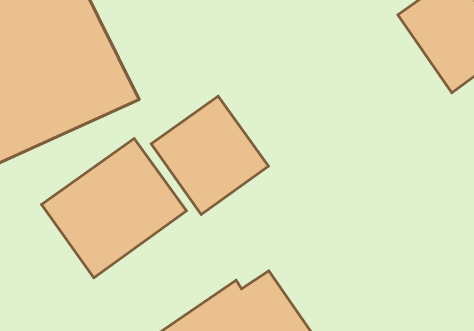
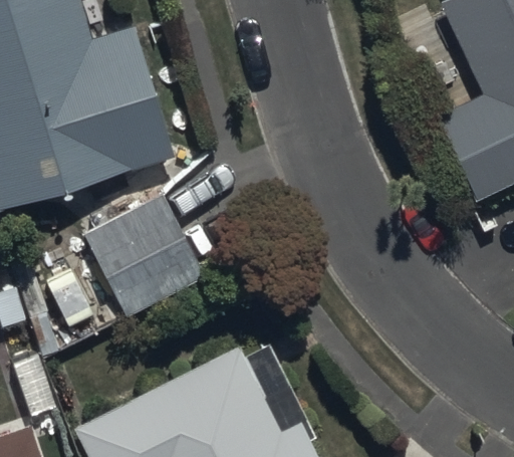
building: [151,96,269,215] -> none

